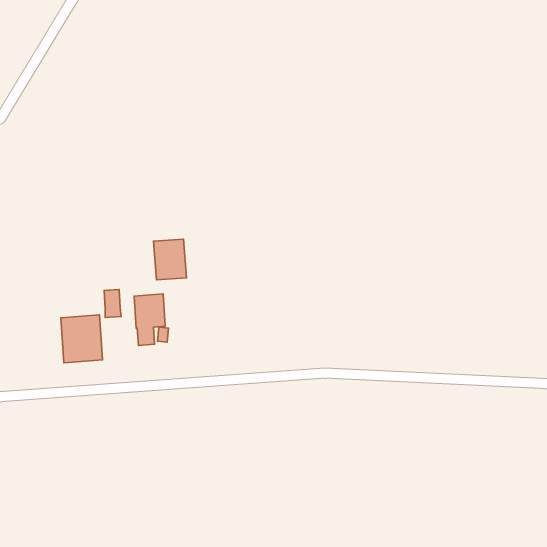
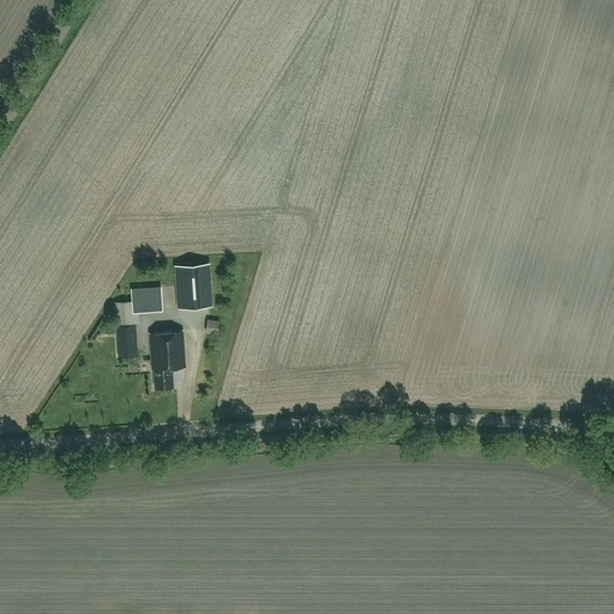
building: none -> [133,285,163,309]
building: [61,315,103,363] -> none

